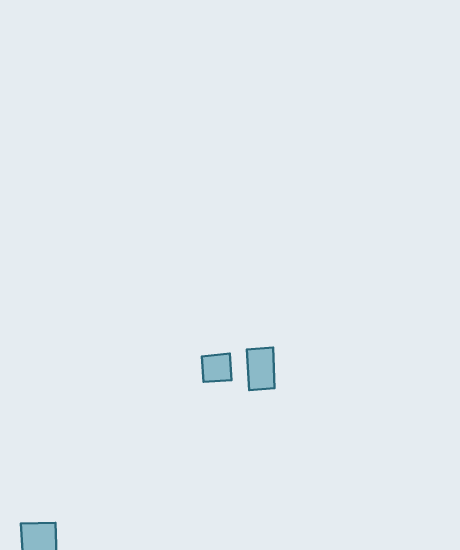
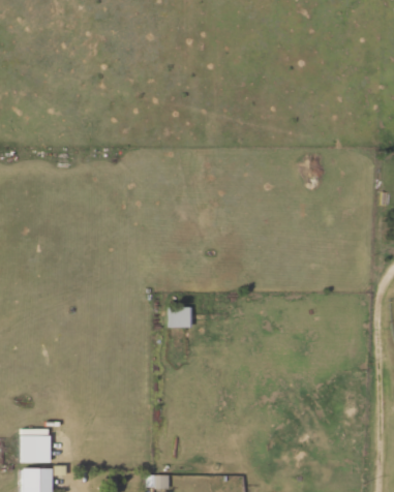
building: [247,348,275,390] -> none

